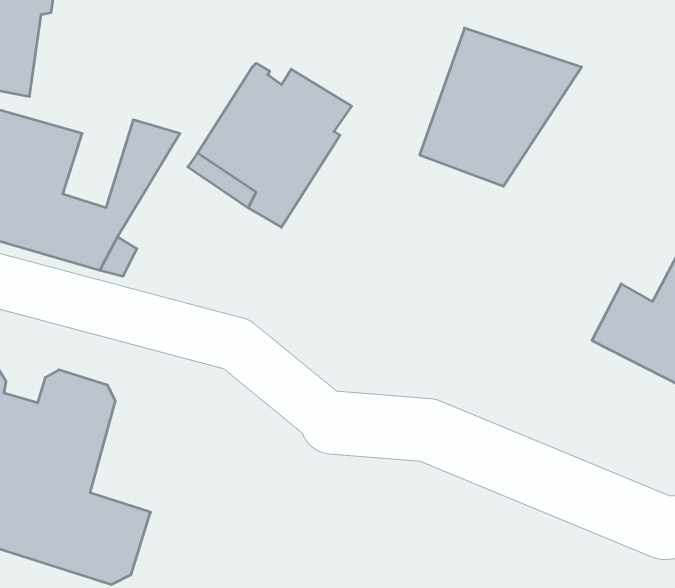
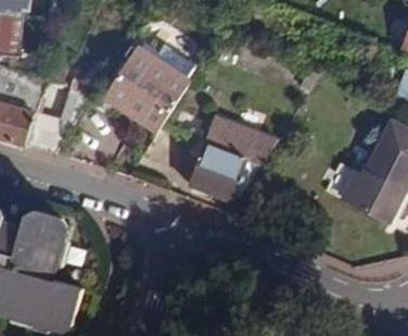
building: [420,28,582,186] -> [190,116,280,204]

